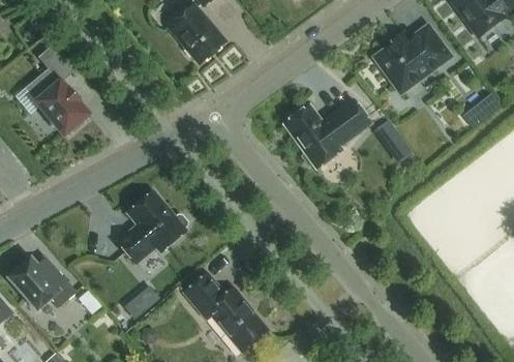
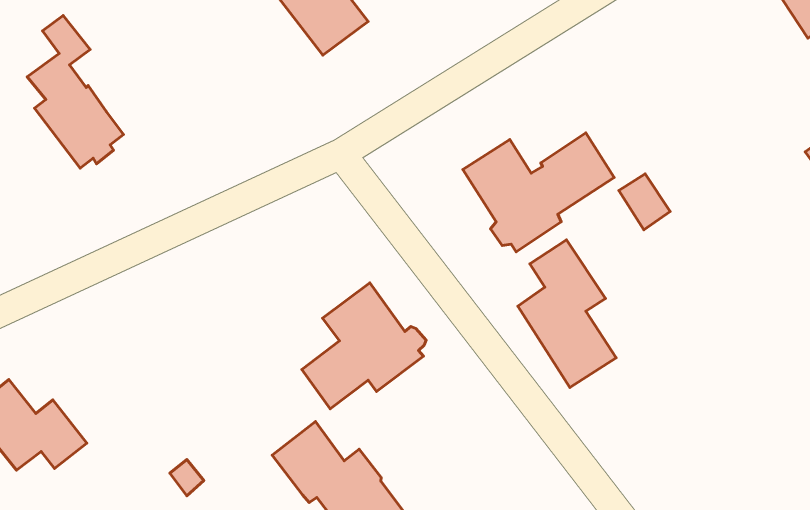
building: [375,26,449,91] -> none
building: none -> [518,240,616,388]
building: [117,190,187,264] -> [302,283,426,409]

